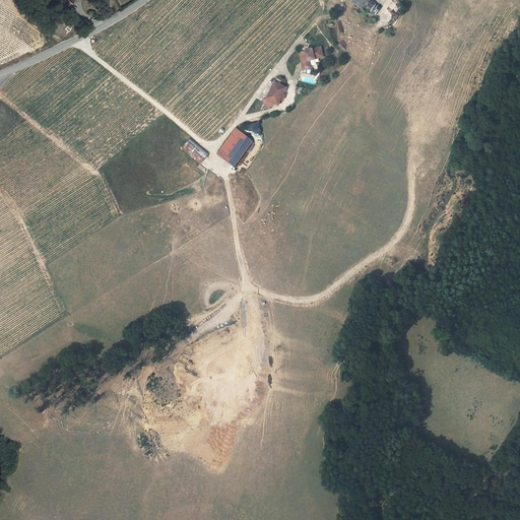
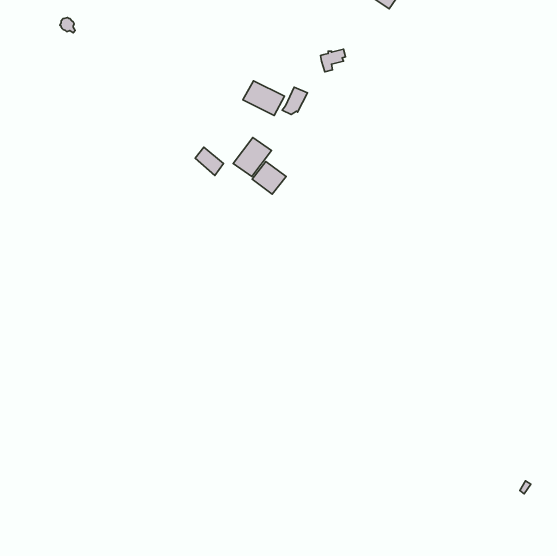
building: none -> [243,81,285,116]
building: none -> [252,161,286,194]

